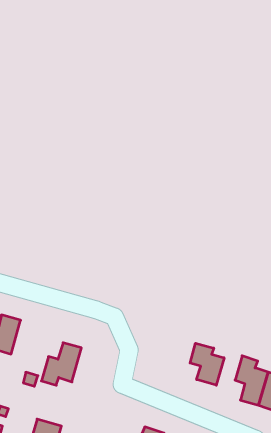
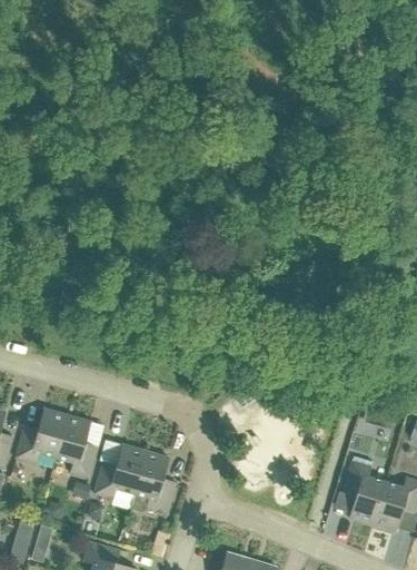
building: none -> [54,414,97,478]
building: [190,343,224,385] -> none
building: none -> [132,450,176,513]

